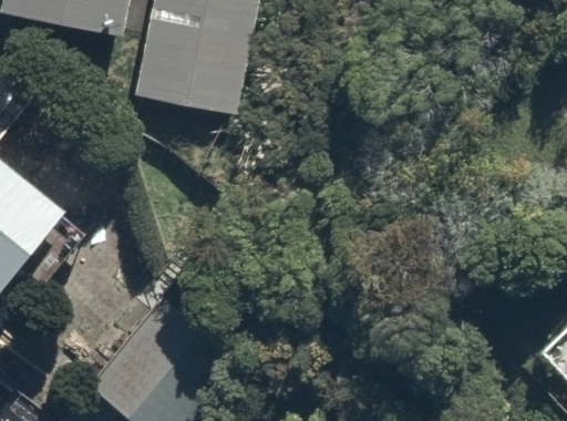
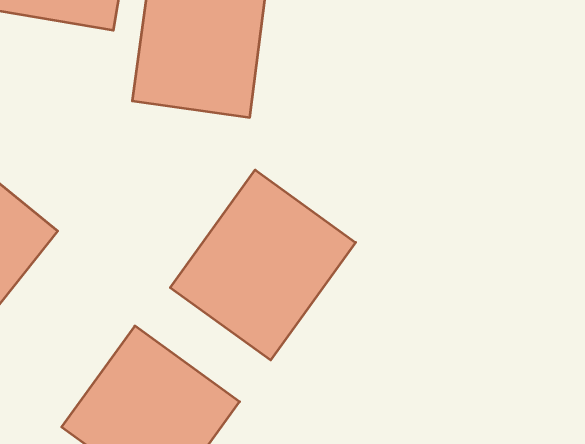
building: none -> [170,170,356,360]

